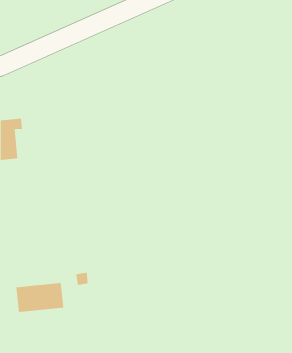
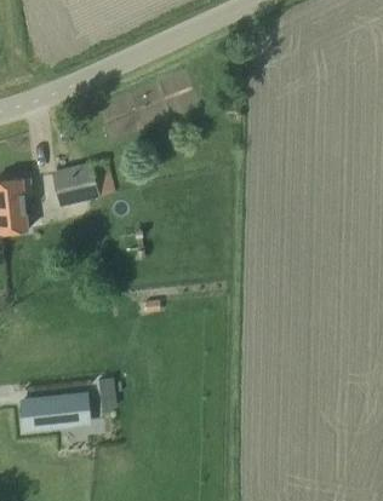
building: none -> [55,163,114,207]

